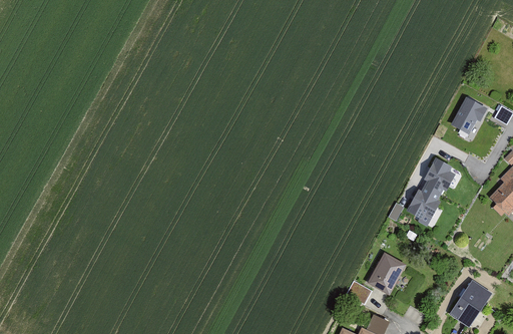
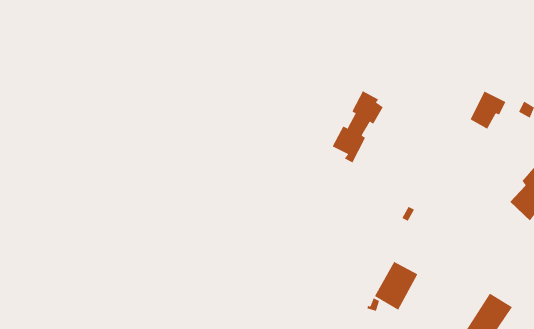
building: [408,157,455,224] -> [332,91,384,163]

